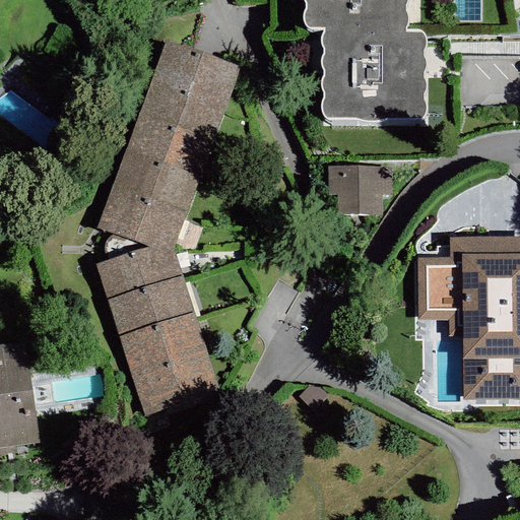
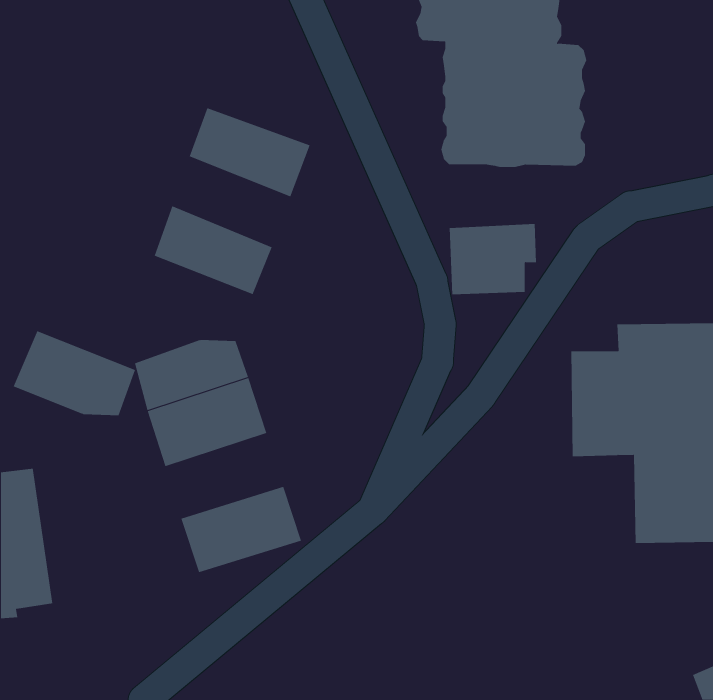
building: [151,44,240,106] -> none
building: [126,114,212,180] -> none
building: [95,186,185,248] -> [13,331,136,416]
building: [121,315,207,377] -> none

